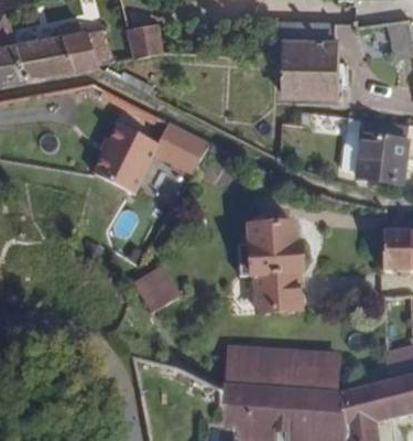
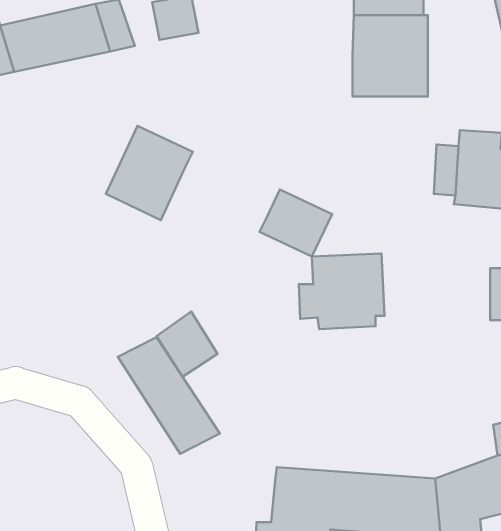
building: [154,121,209,172] -> [260,190,332,256]
building: [256,275,300,304] -> none
building: none -> [118,337,220,454]
building: [224,344,344,390] -> none

